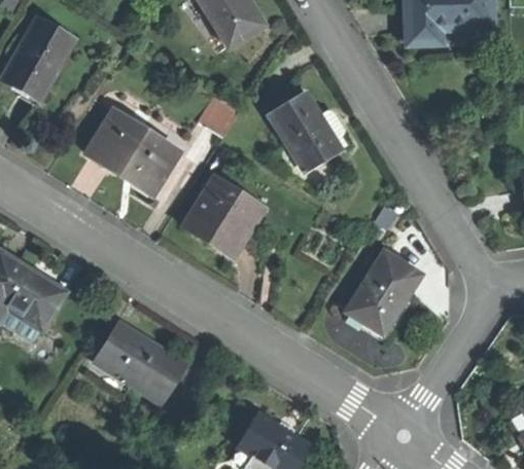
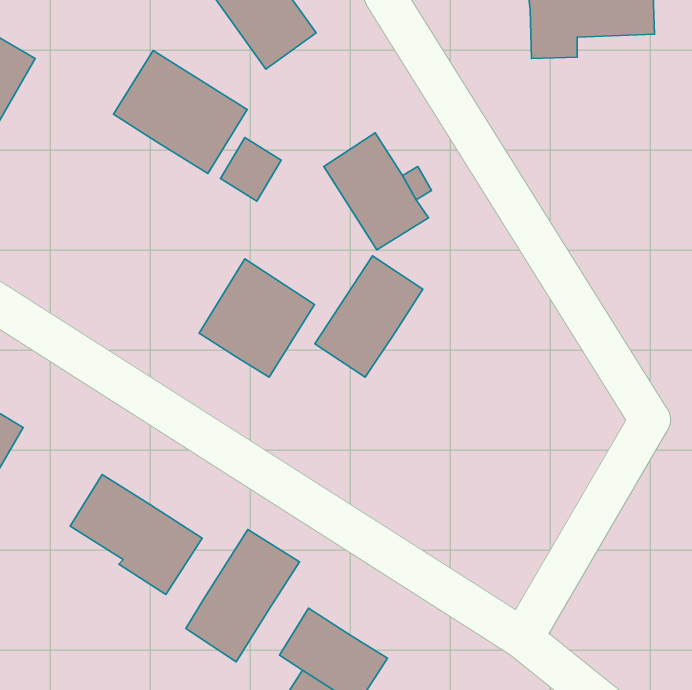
building: [86,111,177,194] -> [114,50,247,173]
building: [347,250,420,332] -> [315,256,423,377]
building: none -> [186,529,300,662]

